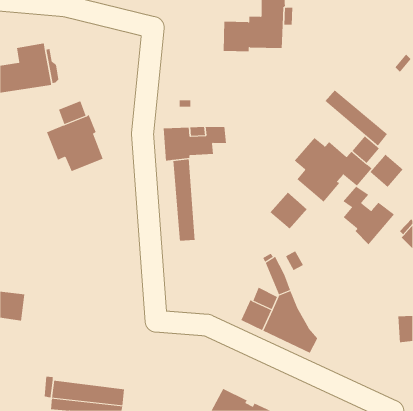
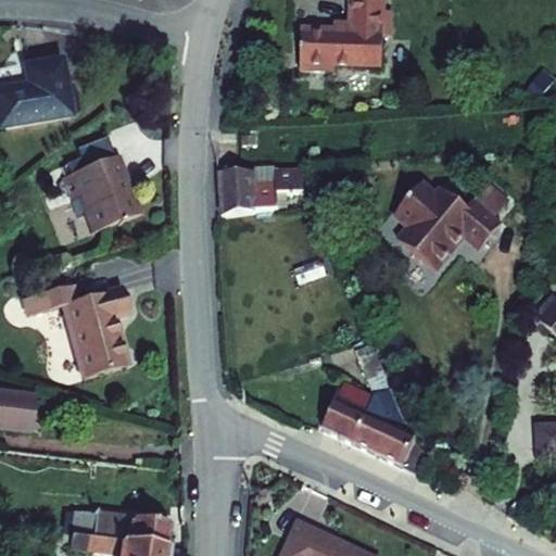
building: [325,90,388,147] -> none
building: [370,153,403,188] -> none
building: [173,159,195,241] -> none
building: [342,186,395,245] -> none
building: [270,192,308,230] -> none
building: none -> [21,285,127,377]

